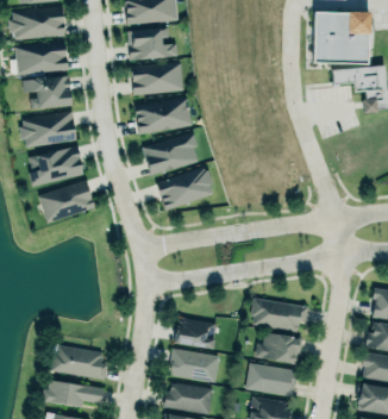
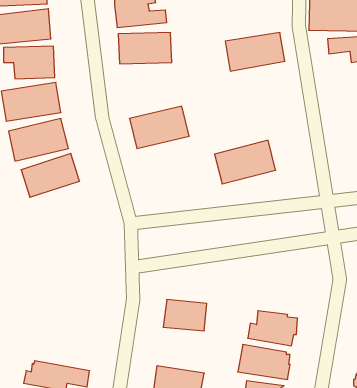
building: [136,98,193,135] -> [225,32,285,71]
building: [157,169,215,211] -> [215,140,276,184]
building: [252,299,309,332] -> none
building: [52,346,108,381] -> none
building: [169,350,220,384] -> none

